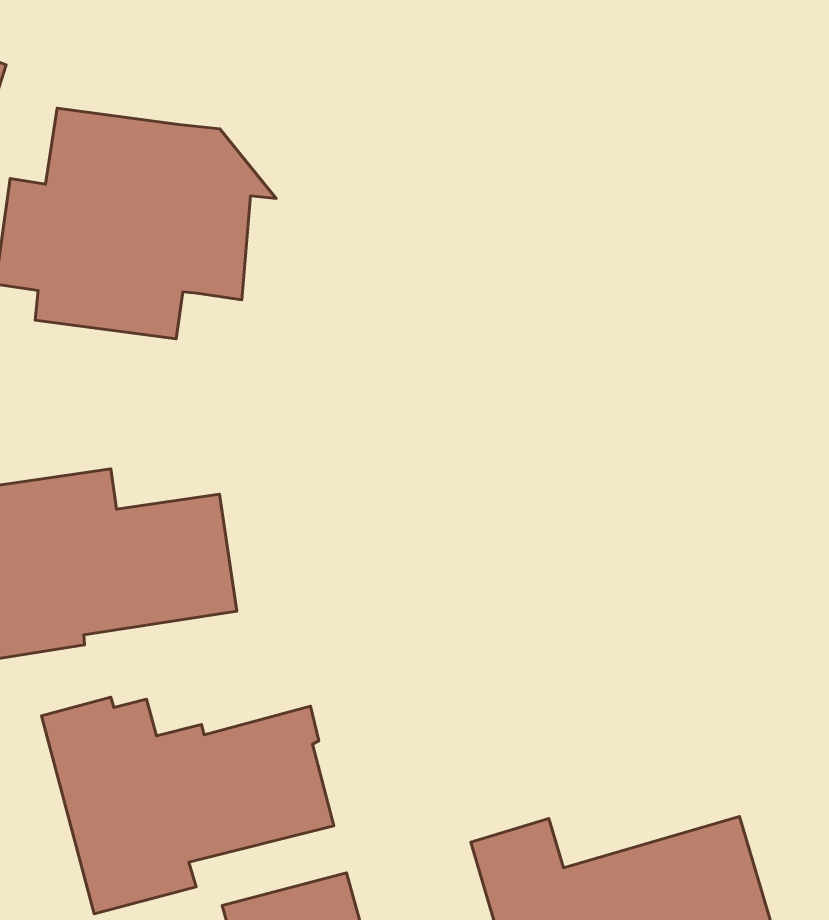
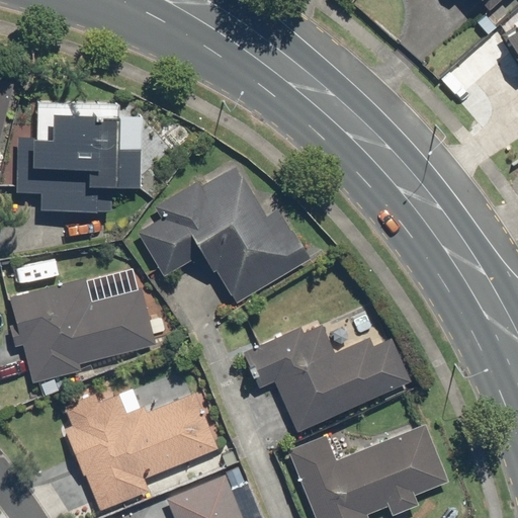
building: none -> [138,167,310,304]
building: none -> [241,320,410,434]

